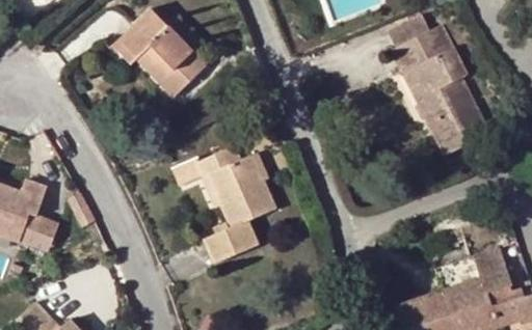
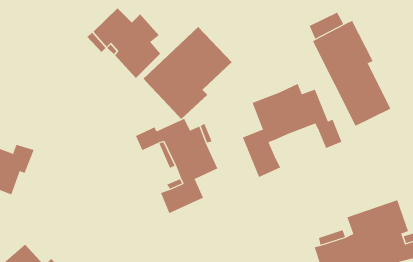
building: none -> [143,26,233,120]
building: none -> [242,83,342,178]
building: [20,214,57,252] -> none

